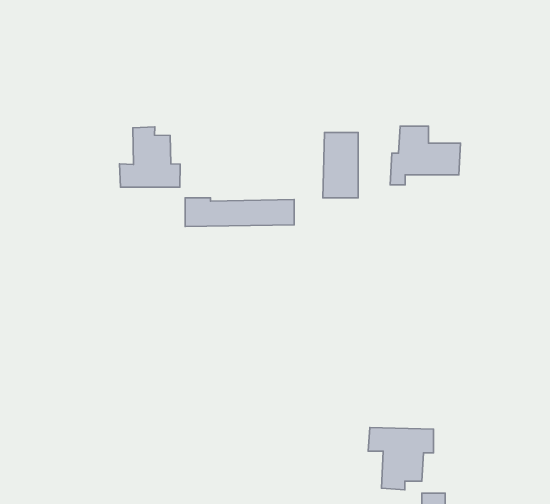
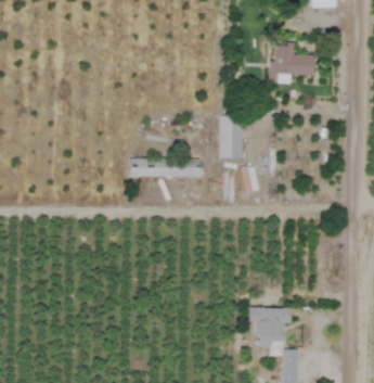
building: [390,126,461,185] -> [269,43,314,81]
building: [120,127,180,187] -> none

